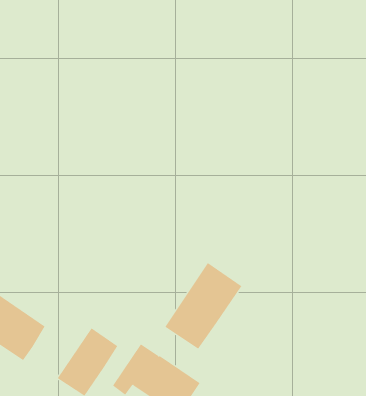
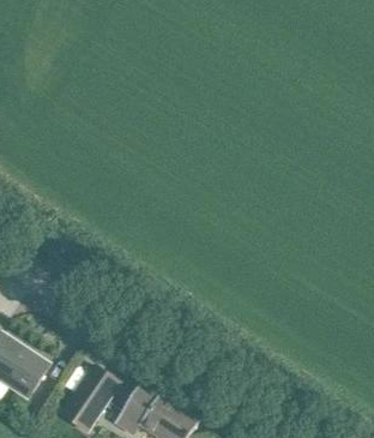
building: [165,262,242,349] -> none

